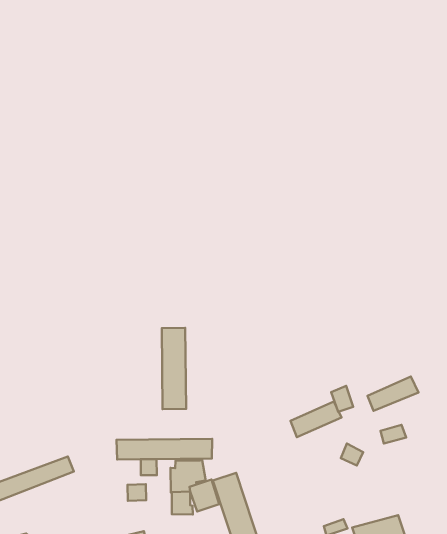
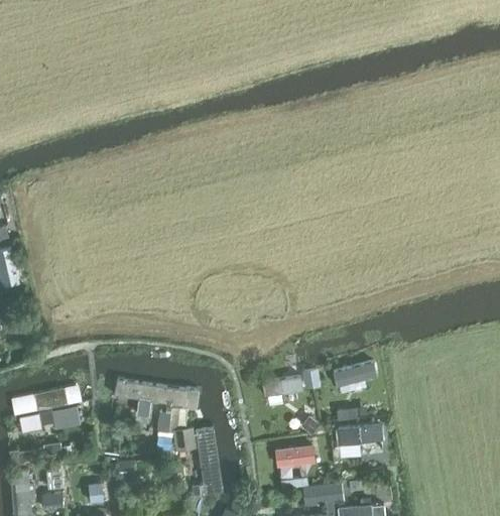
building: [162,328,186,409] -> none
building: none -> [336,423,383,444]
building: none -> [276,442,315,466]
building: none -> [38,405,80,427]

